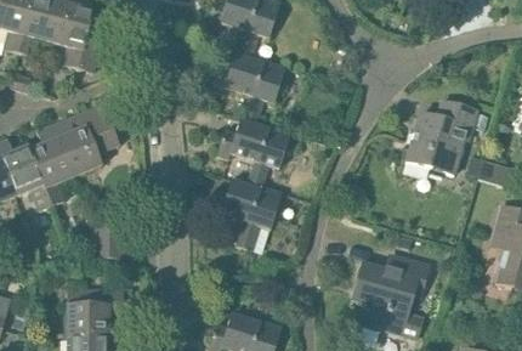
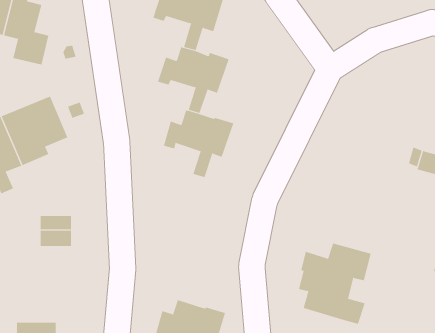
building: [407,100,477,175] -> none
building: [208,179,282,250] -> none
building: [67,288,124,335] -> none

